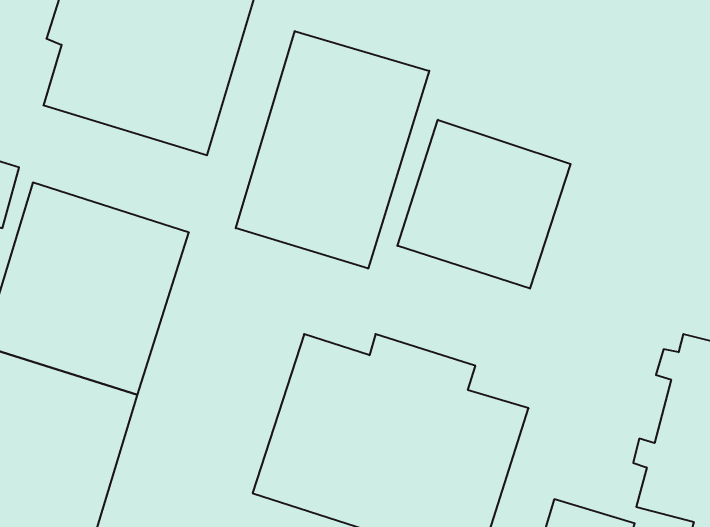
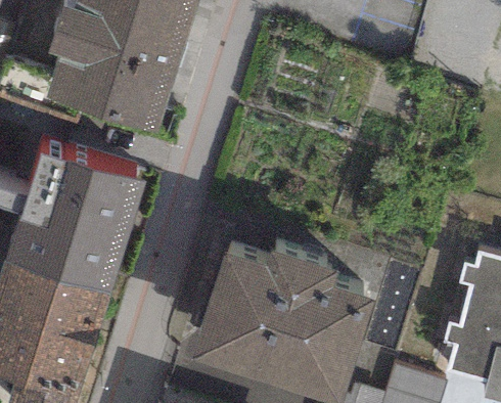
building: [236,31,429,269] -> none
building: [397,120,571,289] -> none

